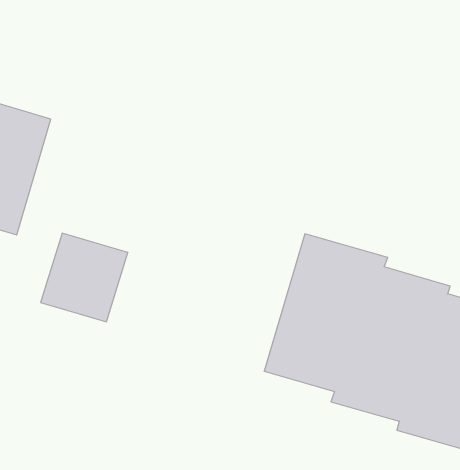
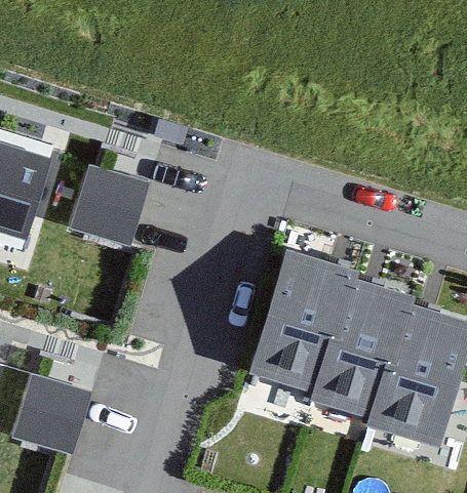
building: [41,233,128,322] -> [69,164,148,244]
building: none -> [12,372,91,453]

